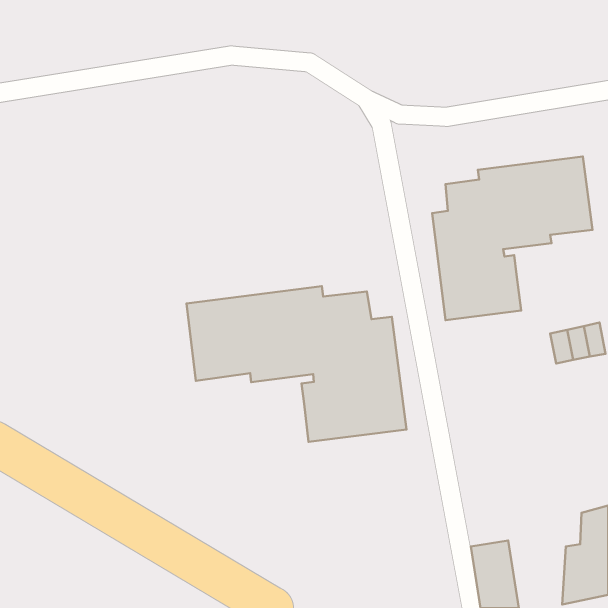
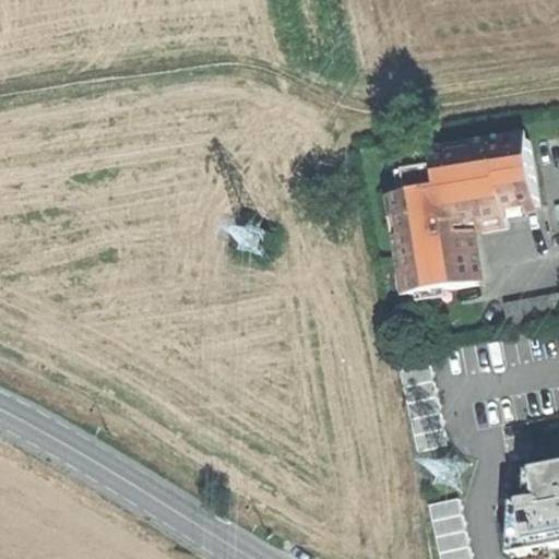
building: [187,286,406,442] -> none

